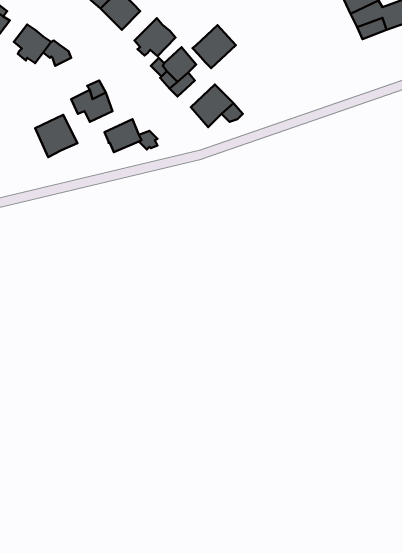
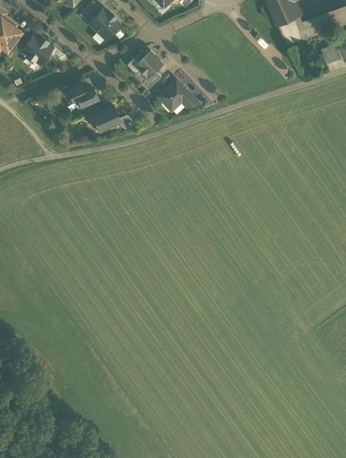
building: [135,18,176,56] -> none
building: [193,25,236,68] -> none
building: [35,115,78,157] -> none

